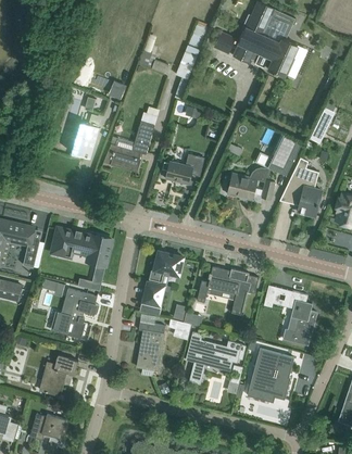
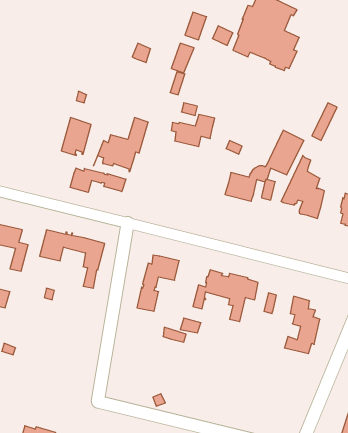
building: [163,154,204,185] -> [171,115,215,147]
building: none -> [70,168,126,192]
building: [59,289,99,336] -> none
building: [137,321,166,377] -> none
building: [186,332,247,386] -> none
building: [249,349,294,400] -> none
building: [40,356,78,393] -> none

